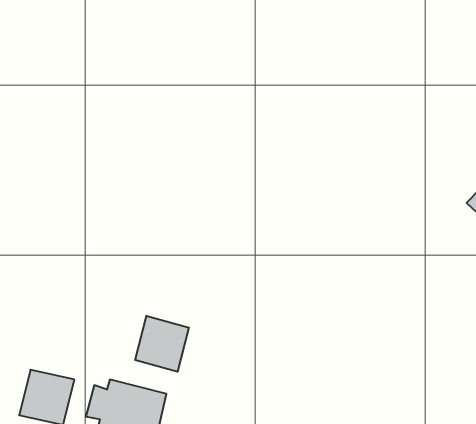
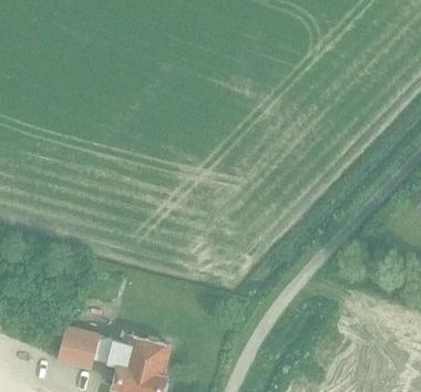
building: [135,316,189,372] -> none

